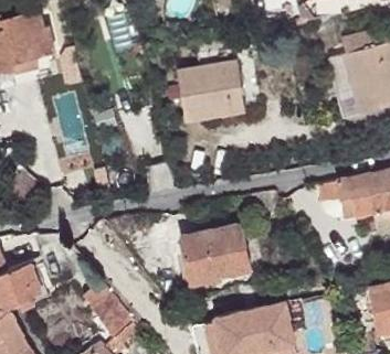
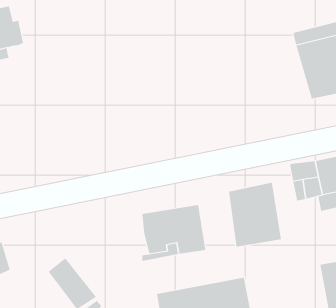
building: [179,61,246,122] -> none
building: none -> [229,182,281,247]

